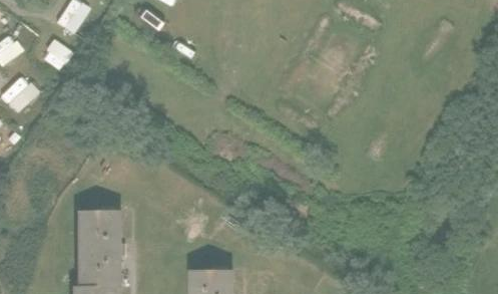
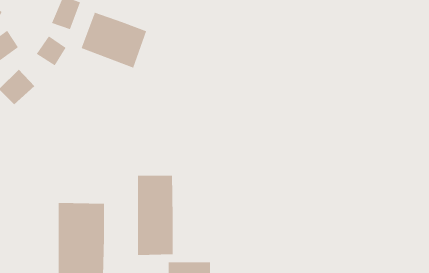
building: none -> [81,12,147,69]
building: none -> [138,175,173,256]

